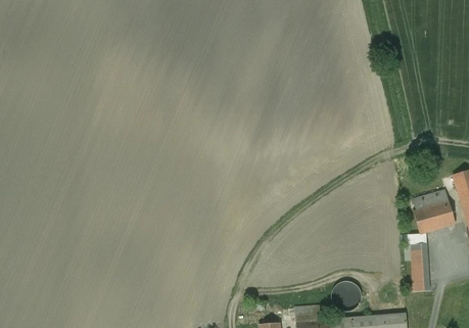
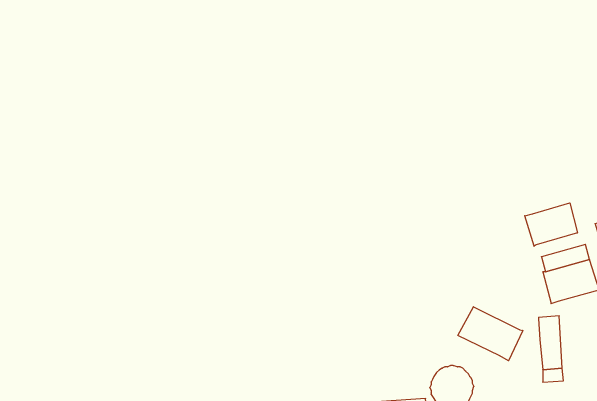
building: none -> [525,203,577,246]
building: none -> [458,307,523,361]

